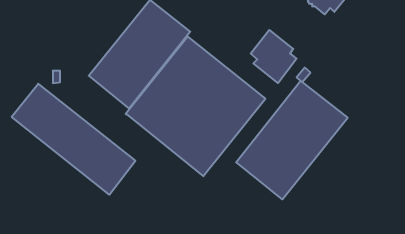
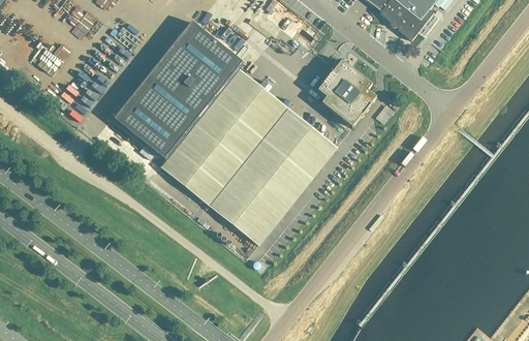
building: [236,81,348,199] -> none
building: [12,84,135,195] -> none

